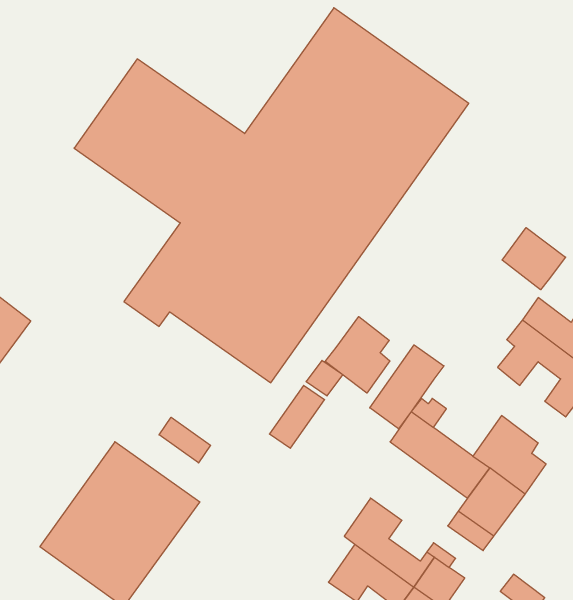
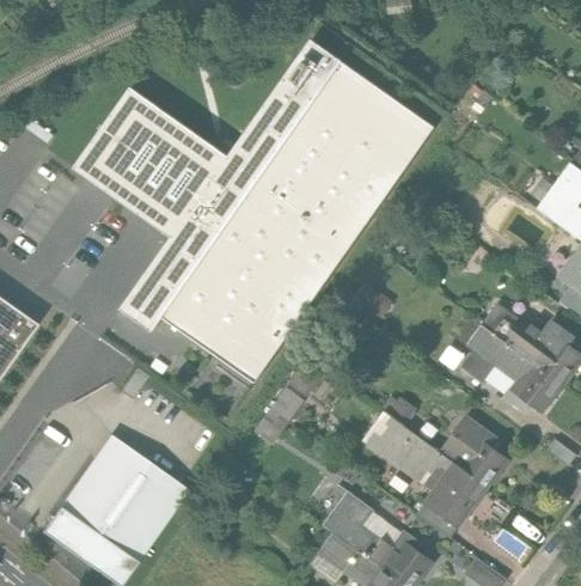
building: [502,228,566,290] -> none
building: [325,317,390,393] -> none
building: [370,345,444,429] -> none
building: [159,417,211,463] -> none

